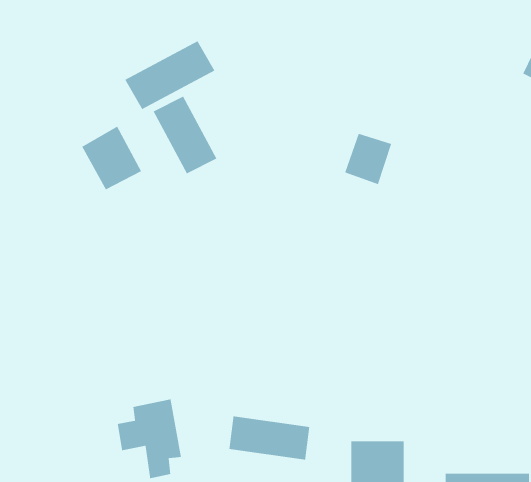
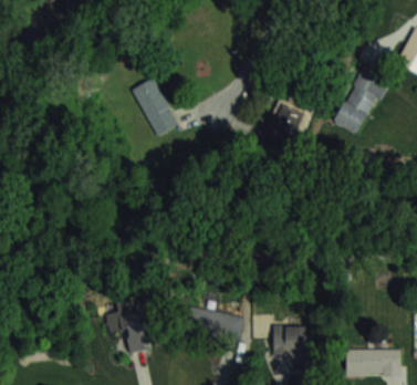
building: [124,40,216,110] -> none
building: none -> [334,69,387,134]
building: [81,126,142,191] -> none

